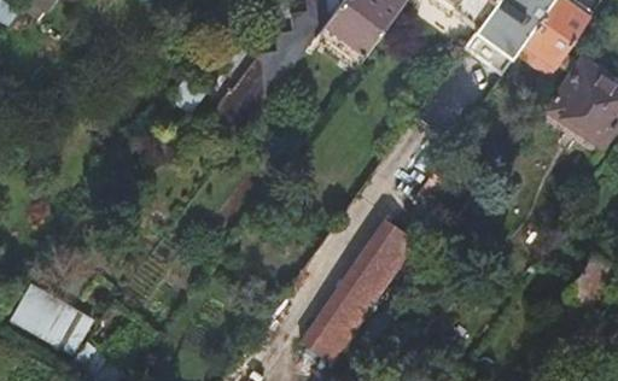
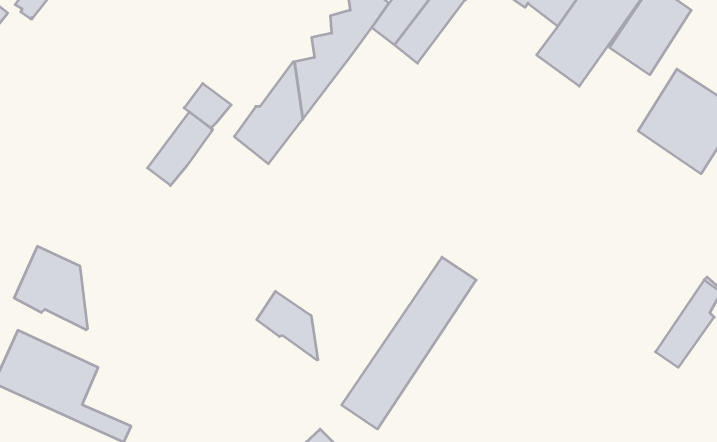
building: none -> [147,112,213,186]
building: none -> [14,246,87,330]
building: none -> [257,291,318,360]

